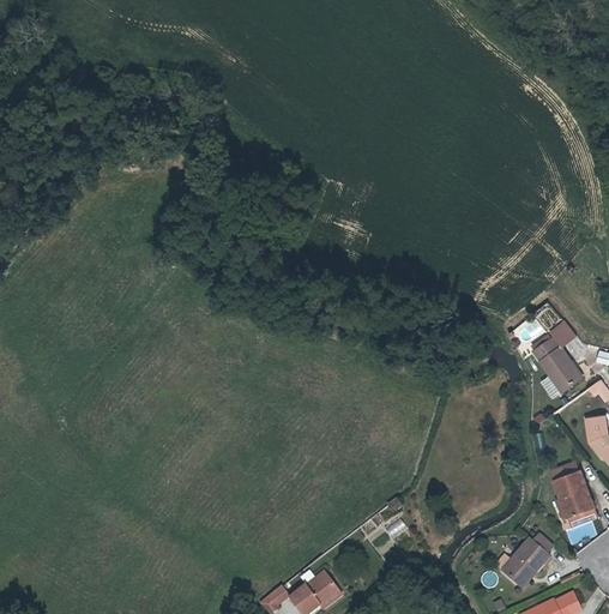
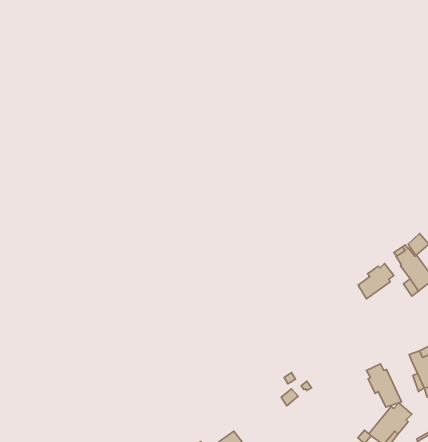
building: none -> [358,263,394,299]
building: none -> [366,364,401,407]

